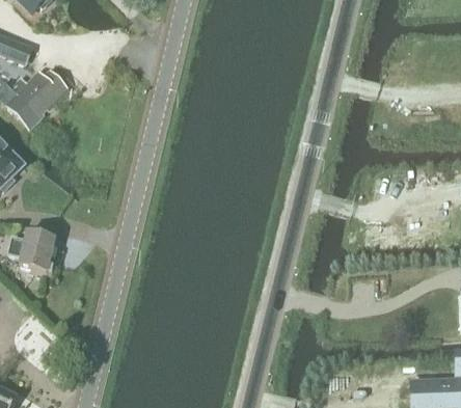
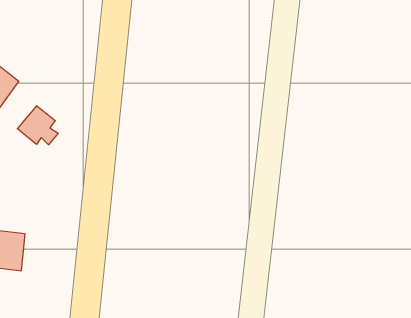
building: none -> [17,106,58,145]

